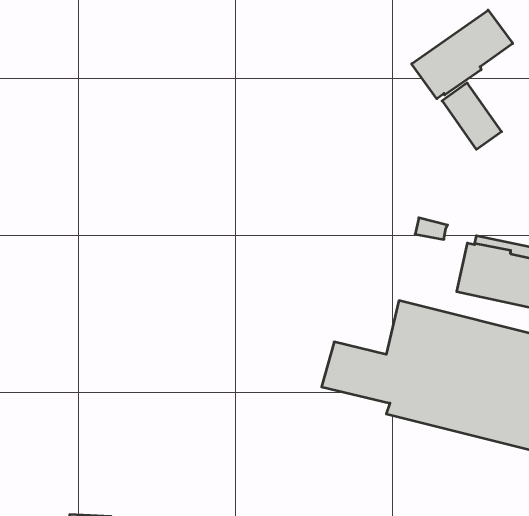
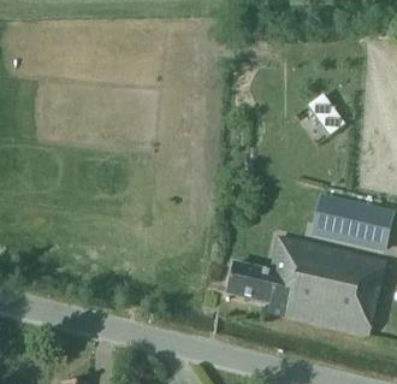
building: [412,10,513,99] -> none

